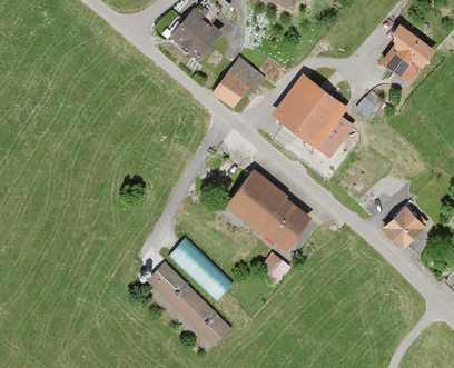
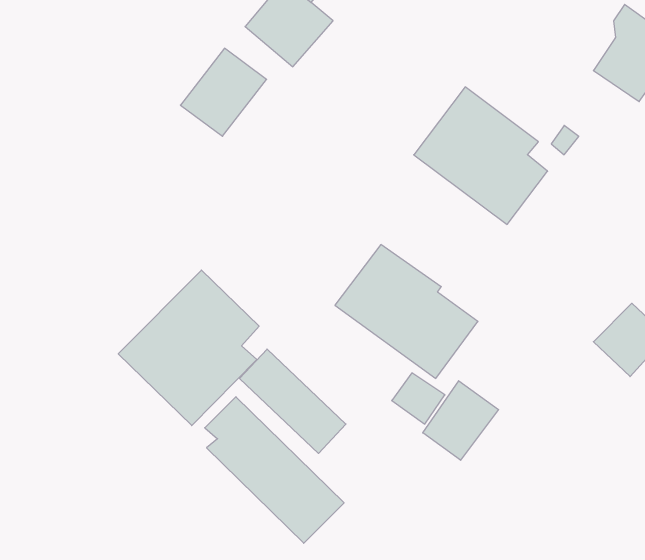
building: [211,59,264,112] -> [180,48,267,136]
building: none -> [118,270,259,426]
building: none -> [423,381,499,460]

